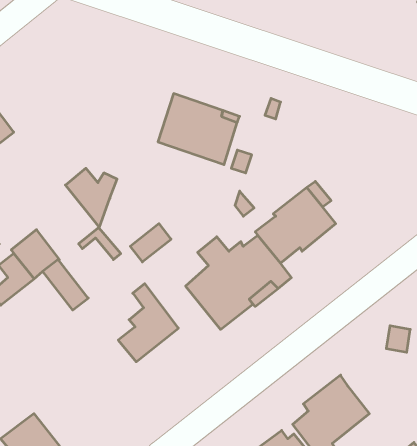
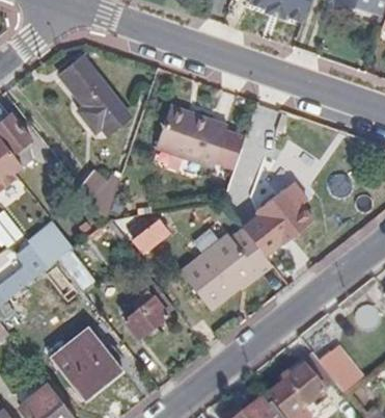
building: none -> [60,61,125,126]
building: none -> [52,323,127,399]
building: none -> [321,344,366,393]

